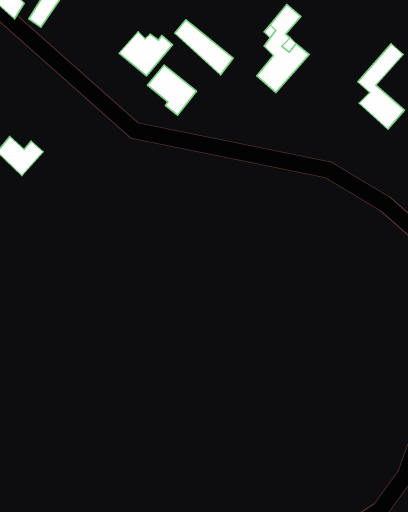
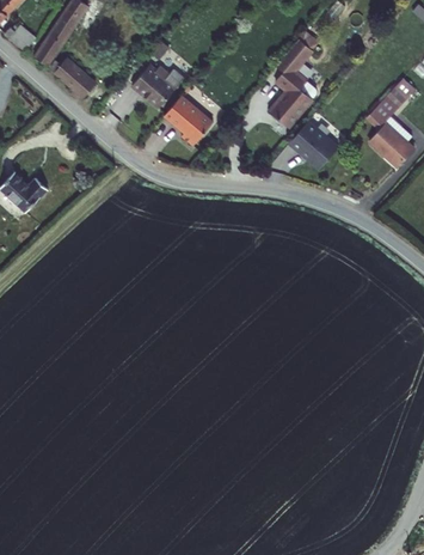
building: none -> [49,54,96,98]
building: [175,20,233,75] -> none
building: none -> [285,122,336,171]

